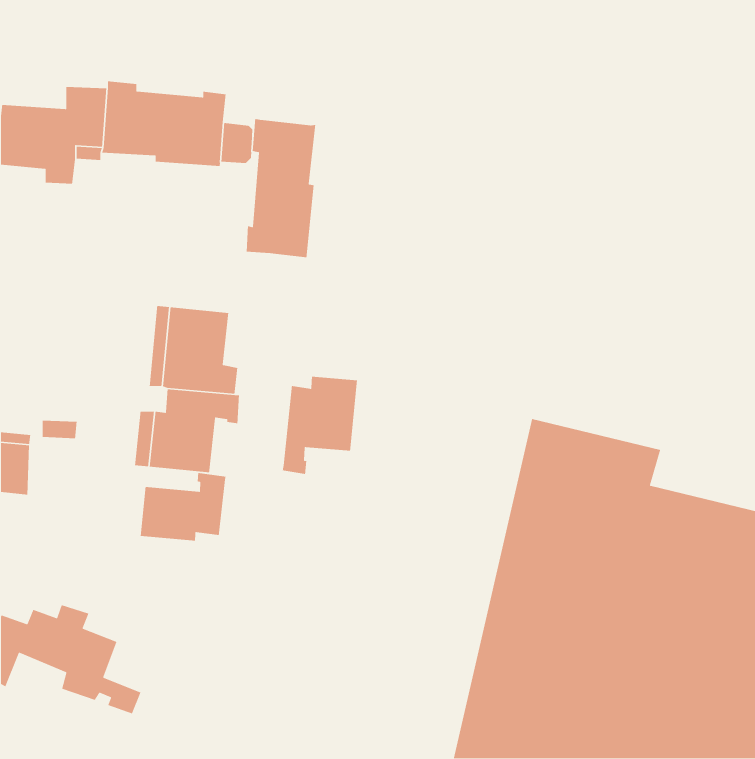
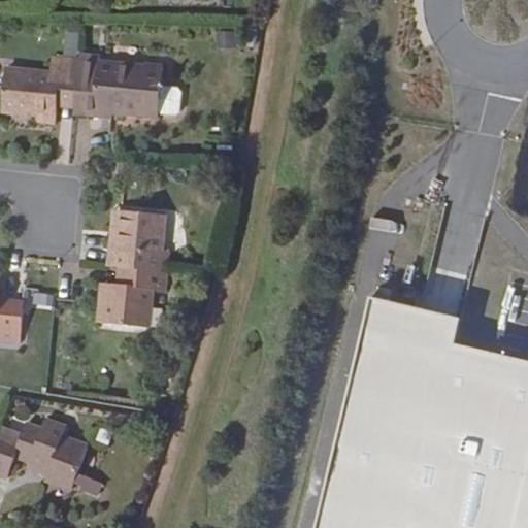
building: [246,118,316,258] -> none
building: [282,376,358,475] -> none
building: [140,472,227,542] -> none

